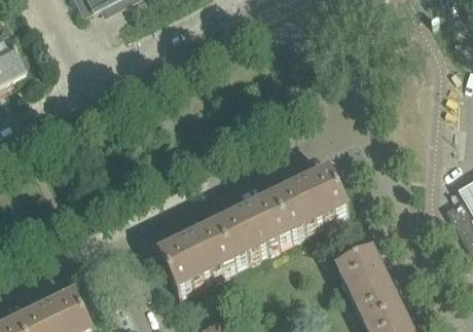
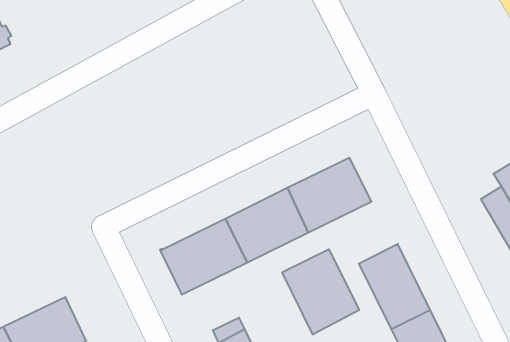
building: none -> [282,249,359,335]

